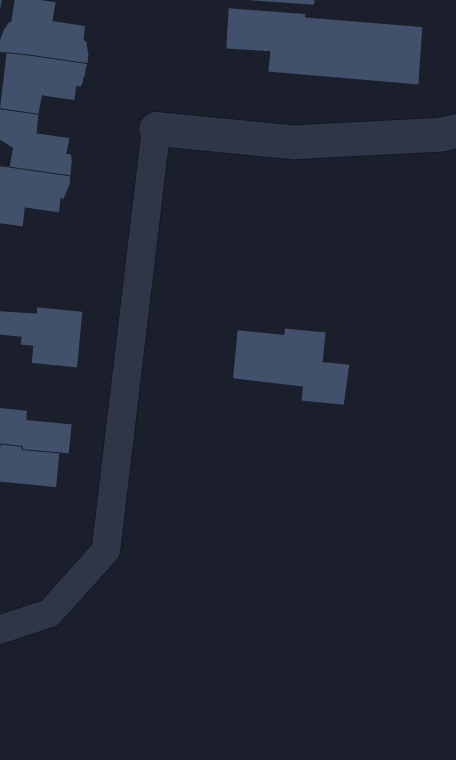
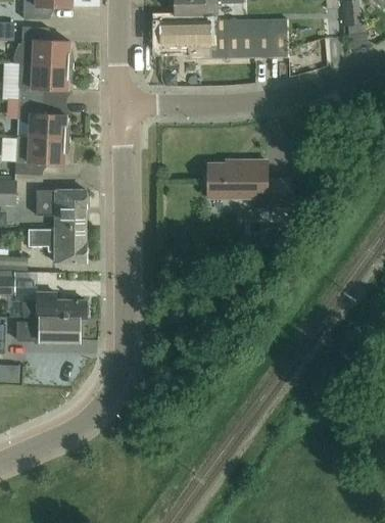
building: none -> [35,189,85,225]
building: [232,328,350,405] -> [207,159,283,205]

